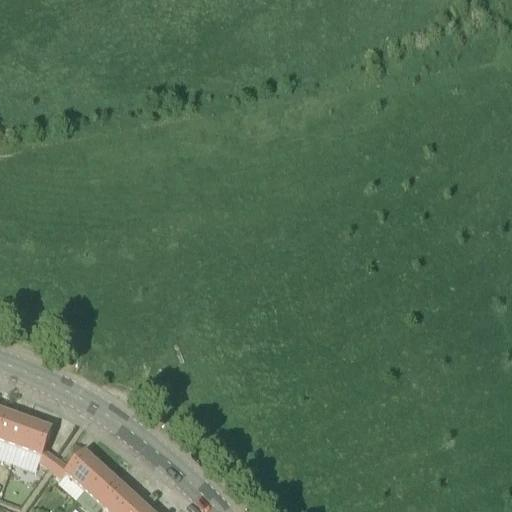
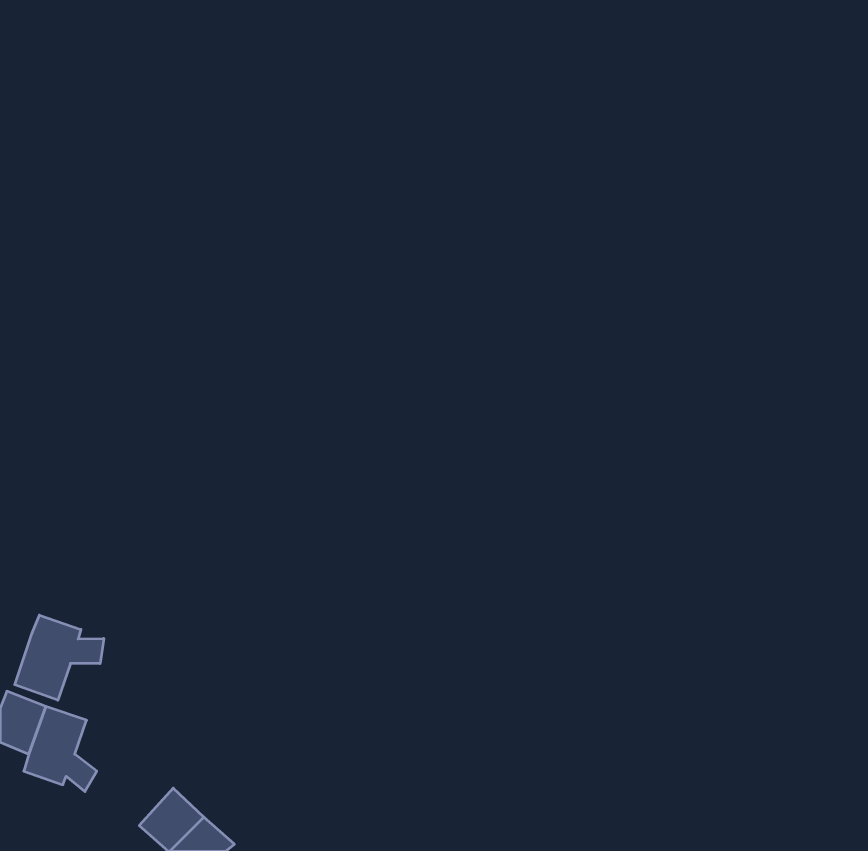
building: none -> [15,615,104,700]
building: [50,448,102,486] -> none

